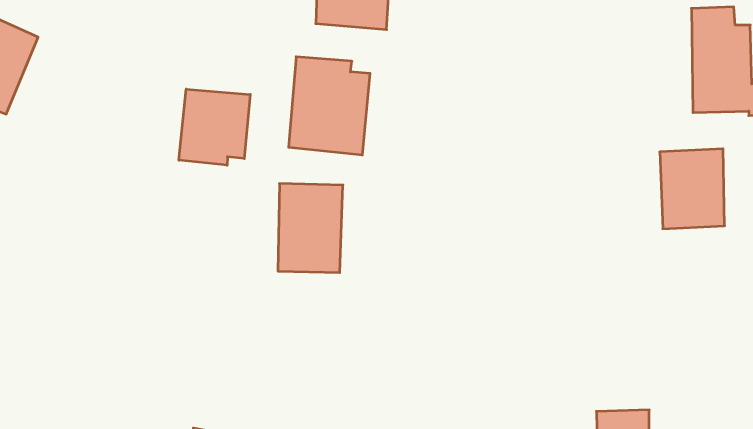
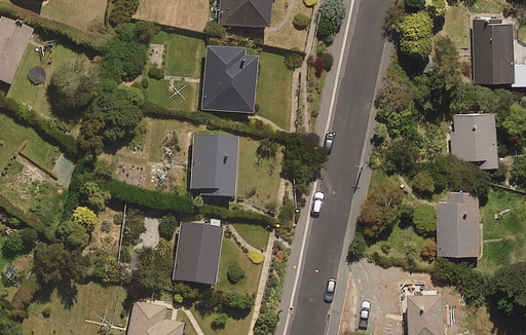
building: [179,89,250,165] -> none
building: none -> [437,191,480,253]
building: none -> [170,217,219,281]

